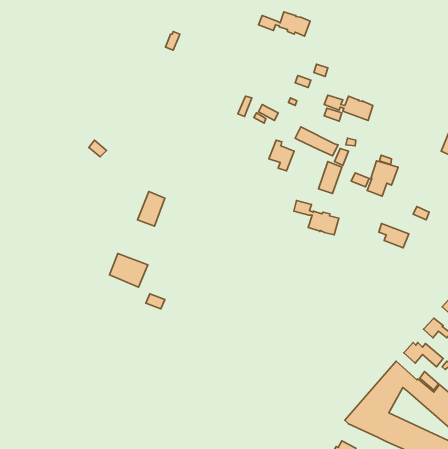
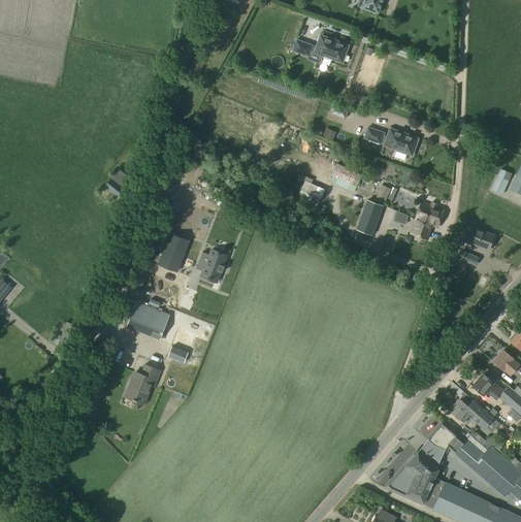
building: [294,200,339,235] -> none
building: none -> [195,251,226,283]
building: [379,224,409,248] -> [461,224,494,251]
building: none -> [125,365,160,404]

